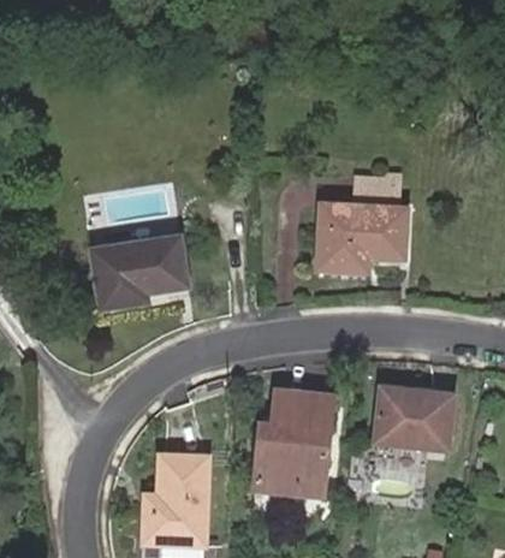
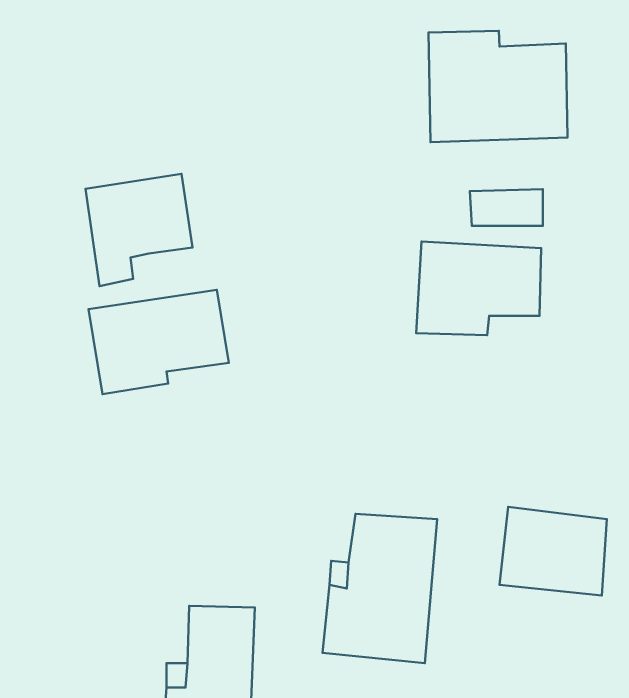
building: none -> [428,31,567,142]
building: none -> [85,174,192,286]

